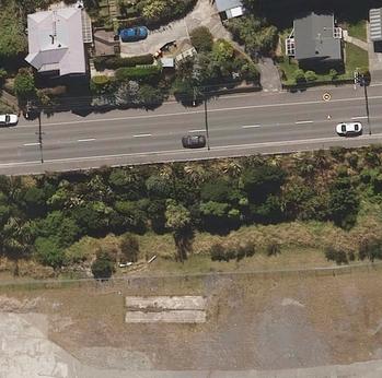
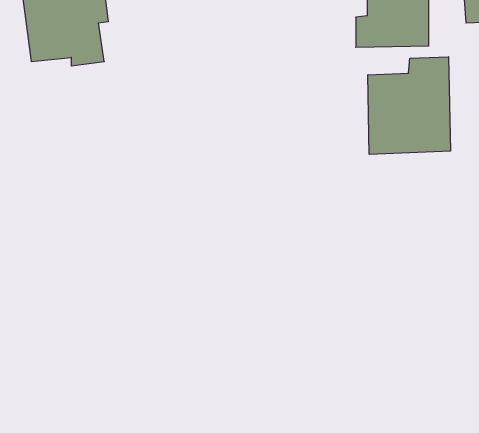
building: none -> [368,57,450,154]

